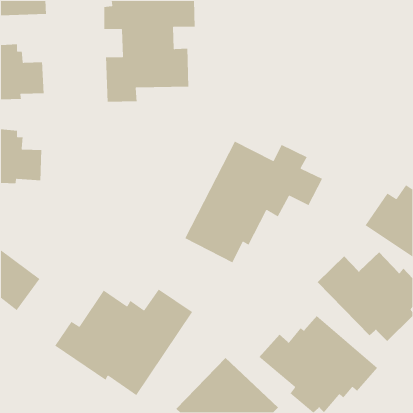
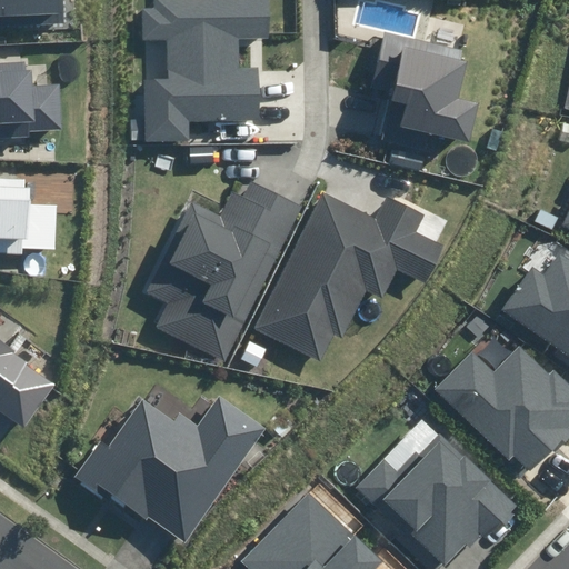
building: none -> [370,31,480,151]
building: none -> [147,181,302,361]

